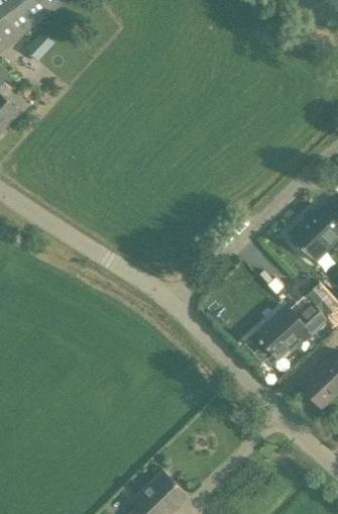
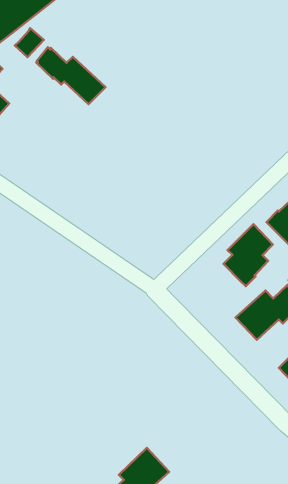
building: none -> [36,47,106,104]
building: none -> [223,224,273,286]

